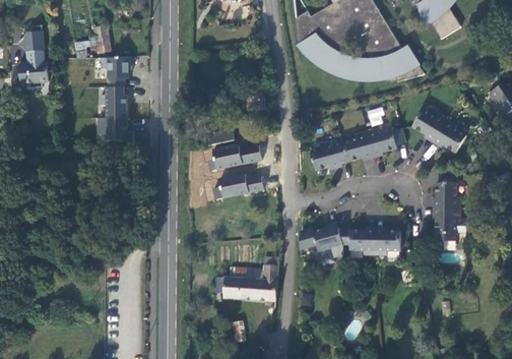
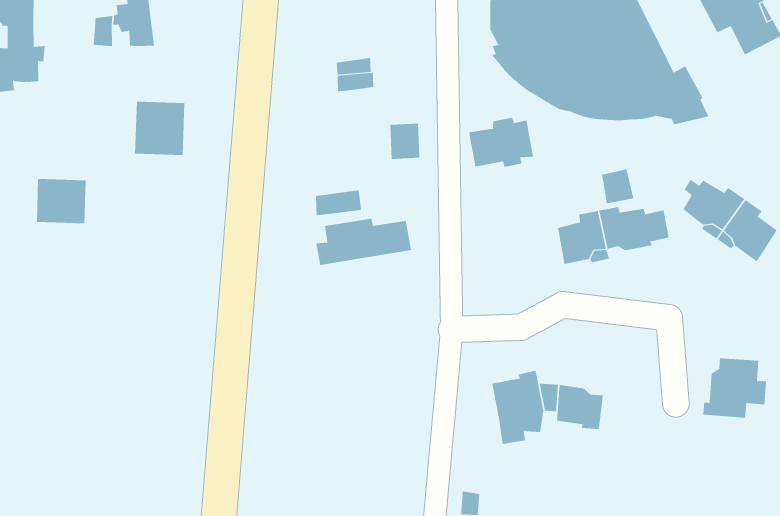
building: [102,57,130,87] -> none
building: [104,116,132,141] -> [36,178,86,224]
building: [310,140,347,170] -> [468,117,534,168]
building: [435,172,460,207] -> none
building: [211,173,264,201] -> none
building: [374,230,399,252] -> none
building: [214,255,278,300] -> none

